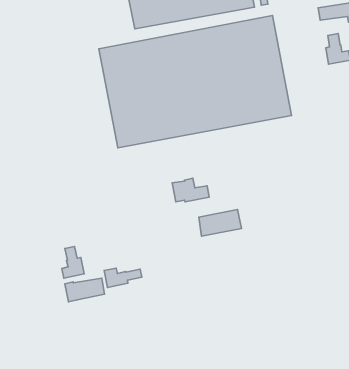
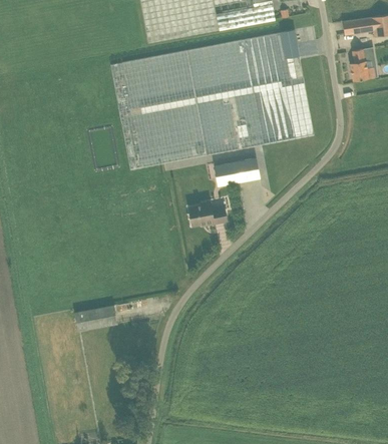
building: [199,209,241,236] -> [216,156,261,184]
building: [62,247,84,278] -> none
building: [104,268,142,288] -> none

